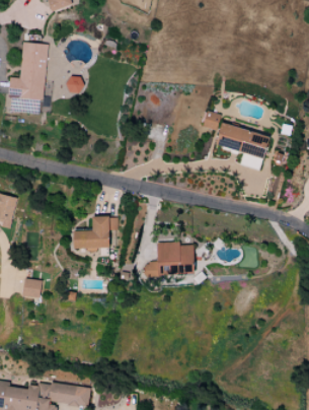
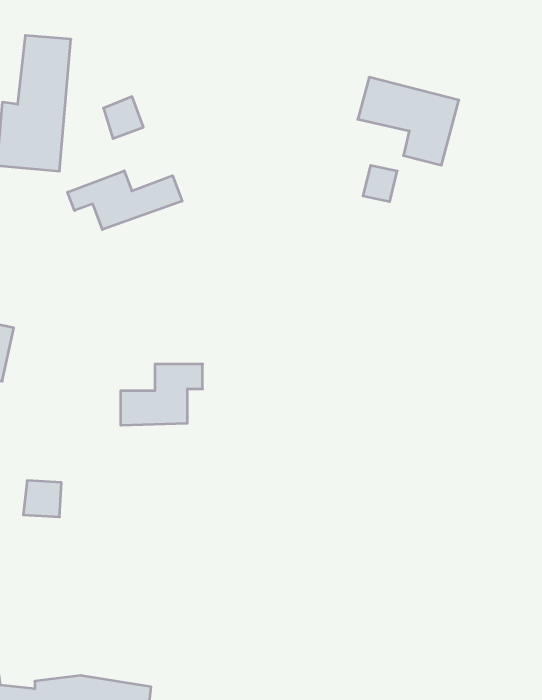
building: none -> [68,171,182,230]
building: [216,123,269,169] -> [358,77,459,165]
building: [148,242,195,275] -> none

